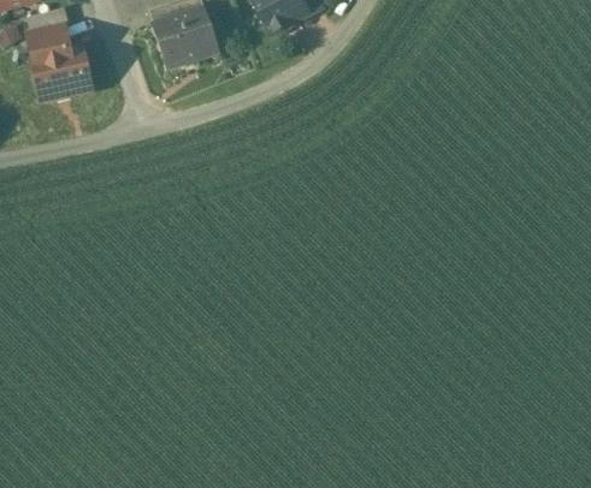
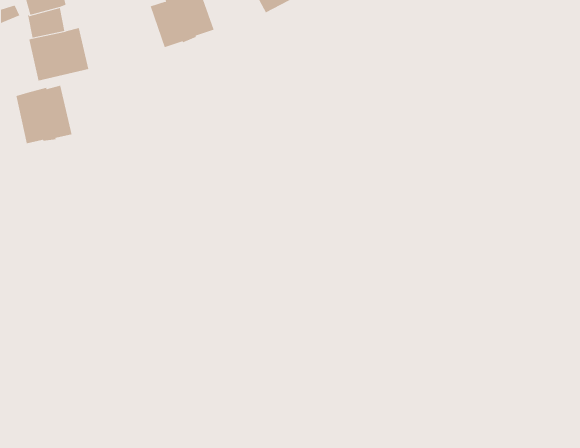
building: none -> [16,85,72,144]

